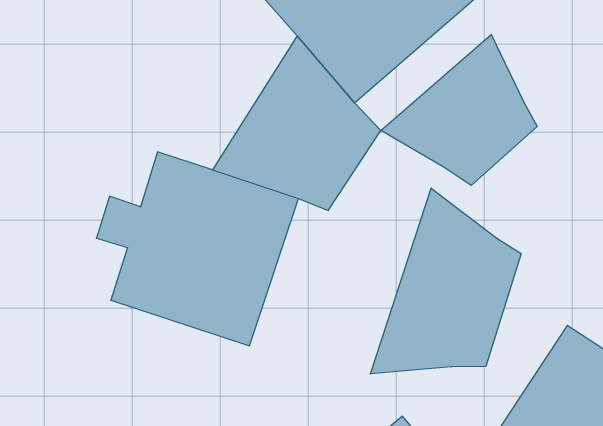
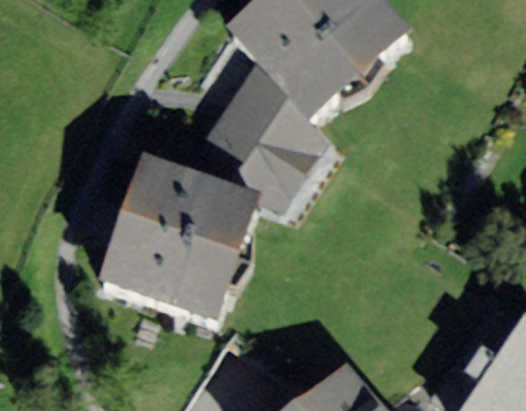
building: [381,34,537,185] -> none
building: [370,188,521,374] -> none

